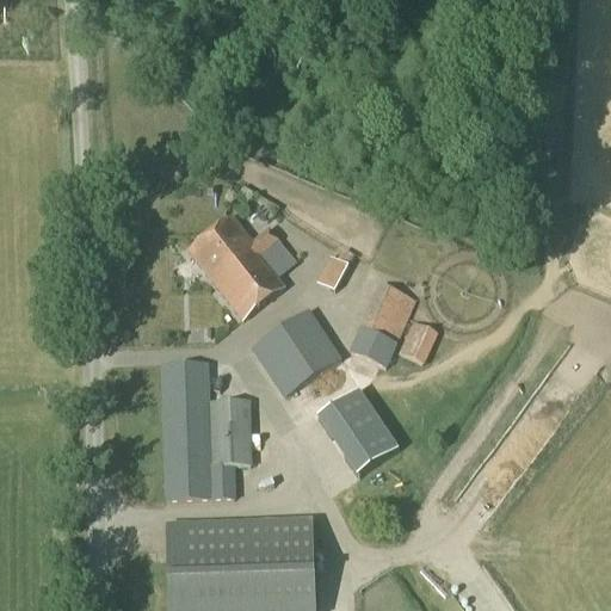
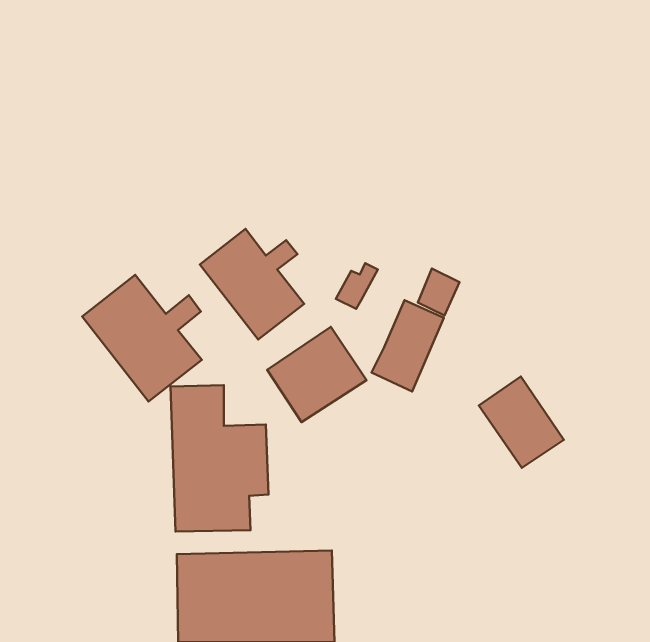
building: none -> [82,275,202,402]
building: [399,319,438,363] -> [418,268,460,315]
building: [315,390,395,476] -> [479,376,564,468]

